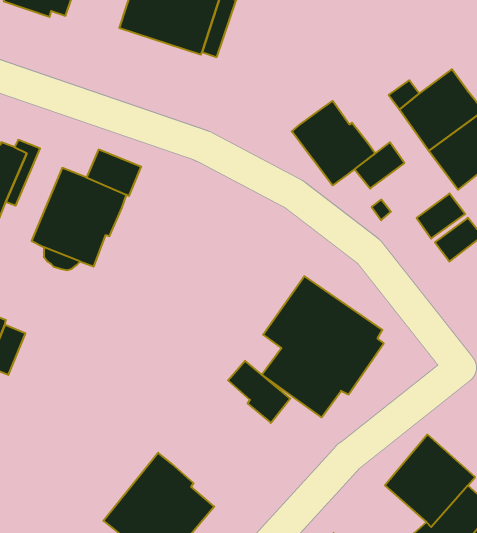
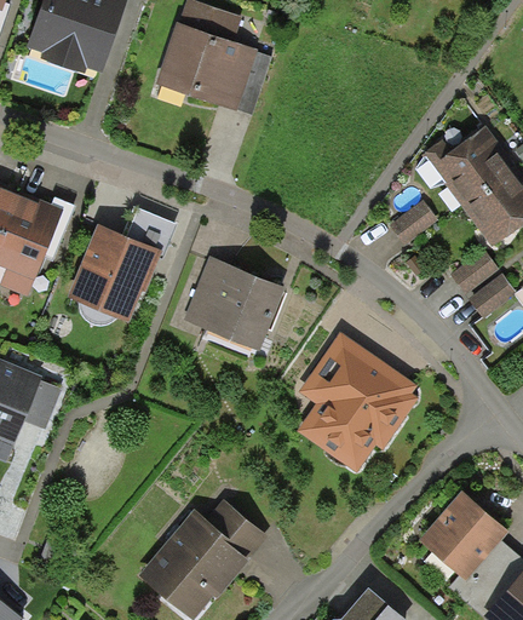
building: [292,101,375,185] -> none
building: none -> [184,257,286,351]
building: [228,361,290,423] -> [207,499,269,561]

